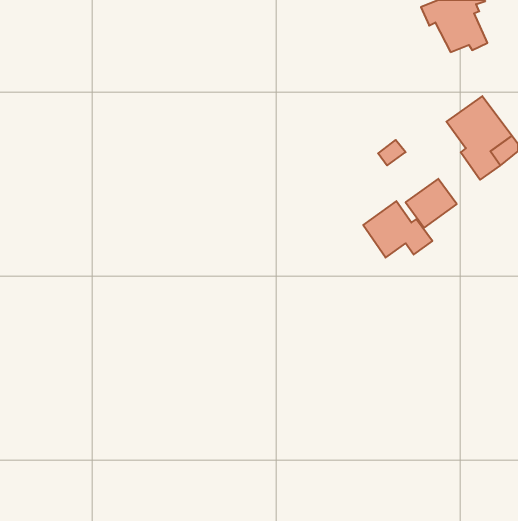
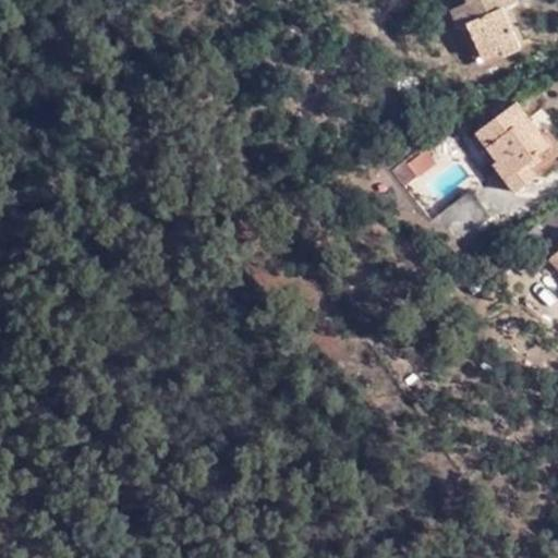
building: [363,201,432,258] -> none

